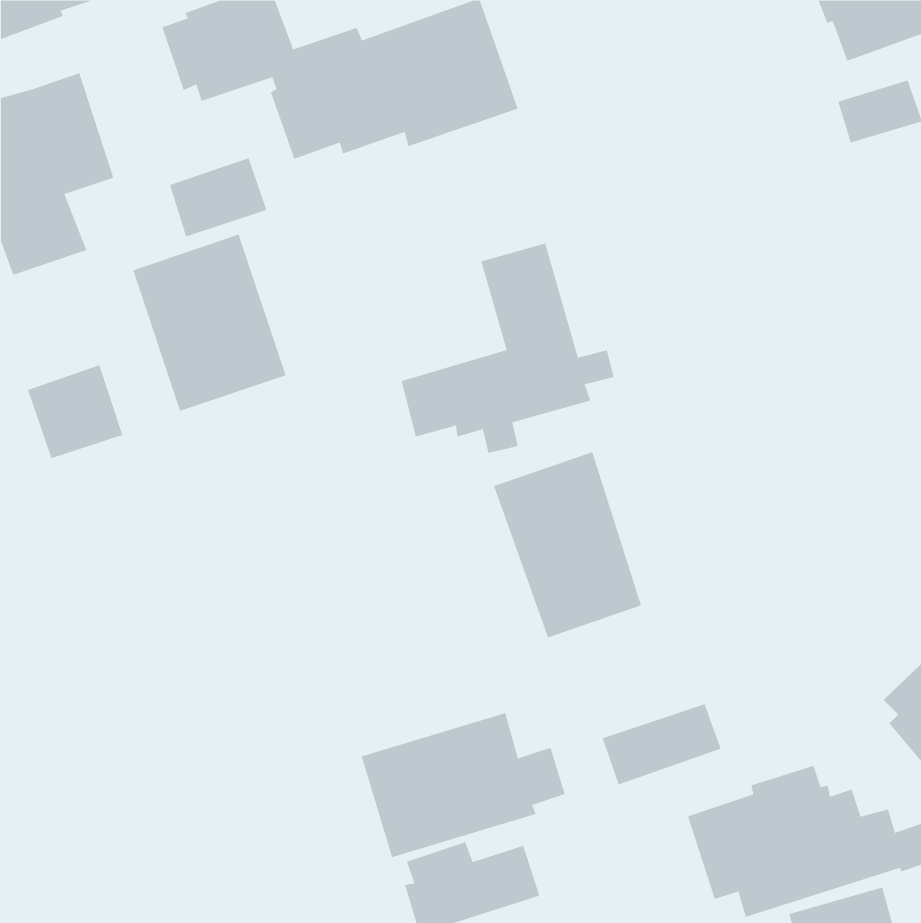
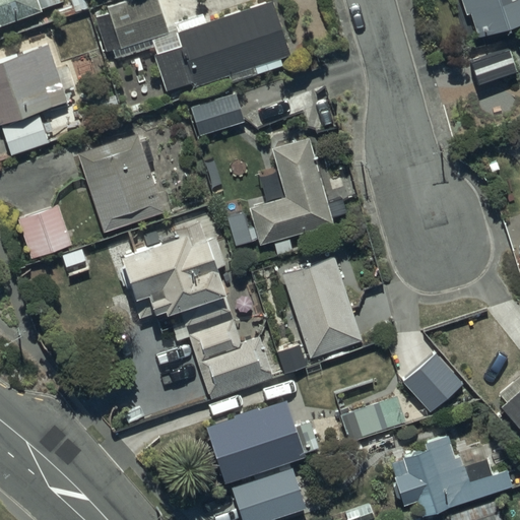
building: [169,157,267,237] -> [190,92,245,137]
building: none -> [116,226,275,401]
building: none -> [401,352,464,414]

